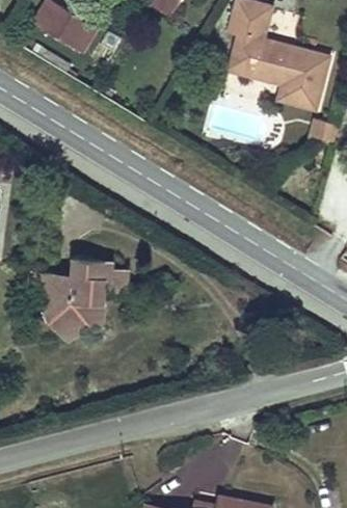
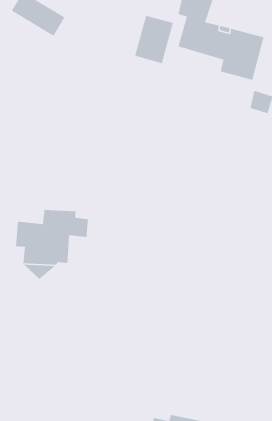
building: none -> [134,15,174,64]

